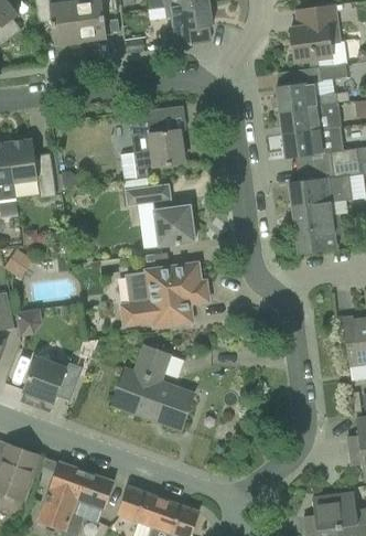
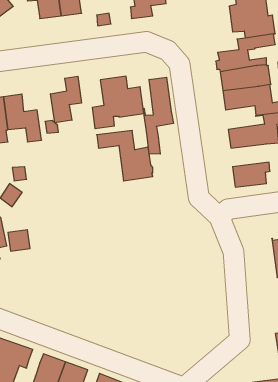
building: none -> [51,76,81,123]
building: none -> [143,77,173,154]
building: [292,200,340,228] -> none
building: [121,262,204,326] -> none
building: [112,345,194,429] -> none
building: [23,356,83,401] -> none

